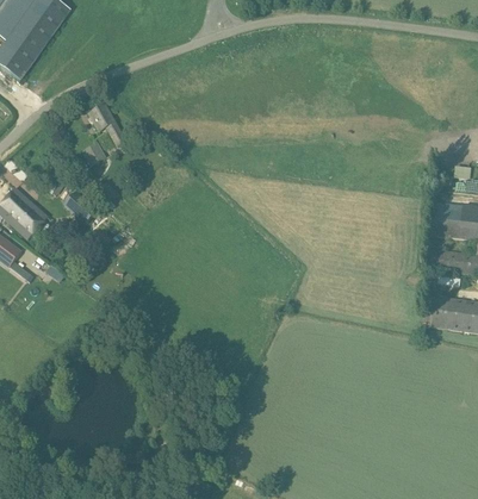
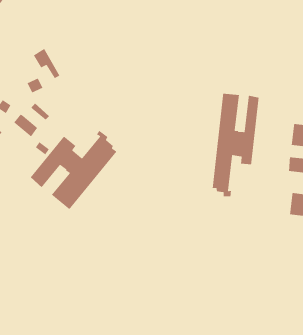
building: none -> [212,93,259,197]
building: none -> [30,130,118,210]

